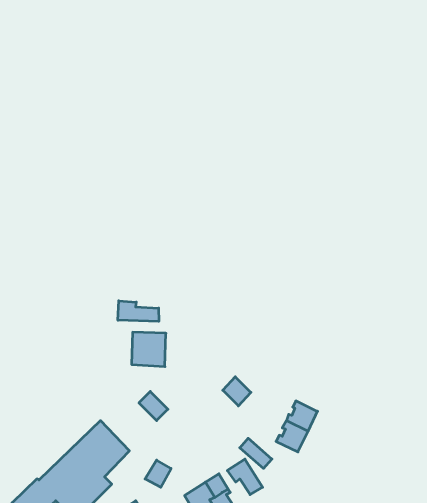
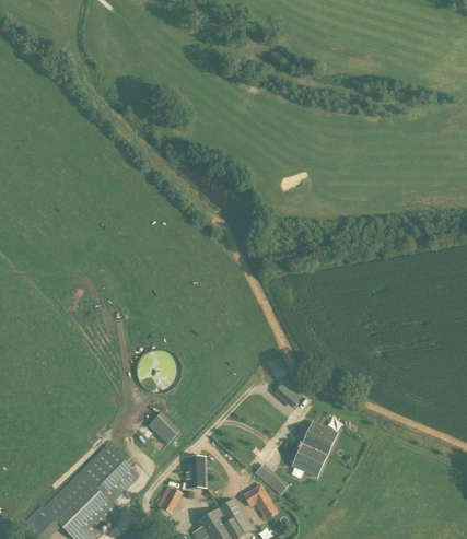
building: [118,301,159,321] -> none
building: [223,377,251,406] -> [273,377,303,408]
building: none -> [186,457,205,489]

